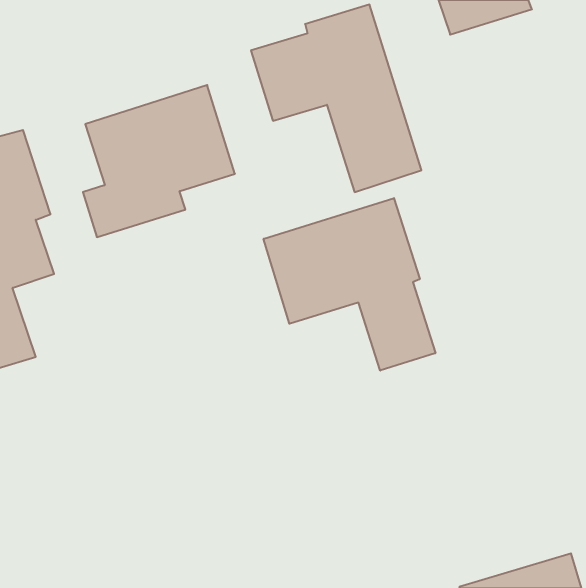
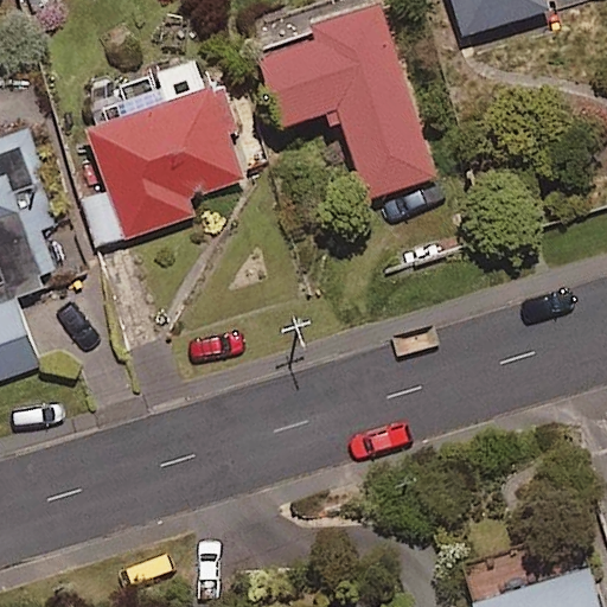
building: [264,198,435,371] -> none

